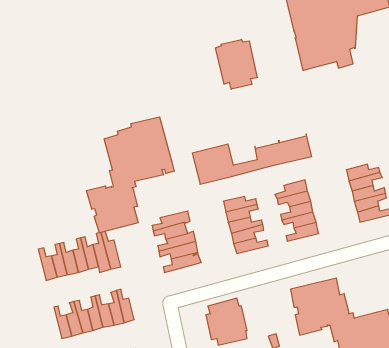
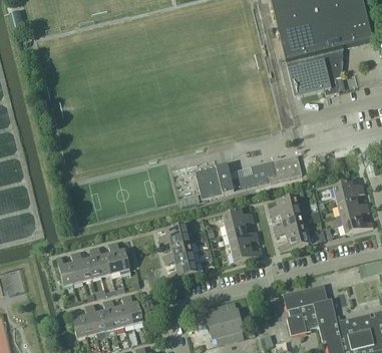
building: [215,39,257,89] -> none
building: [87,117,174,233] -> none

